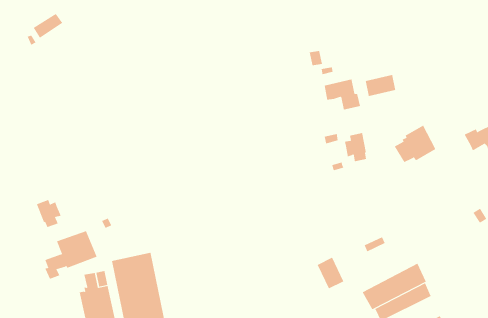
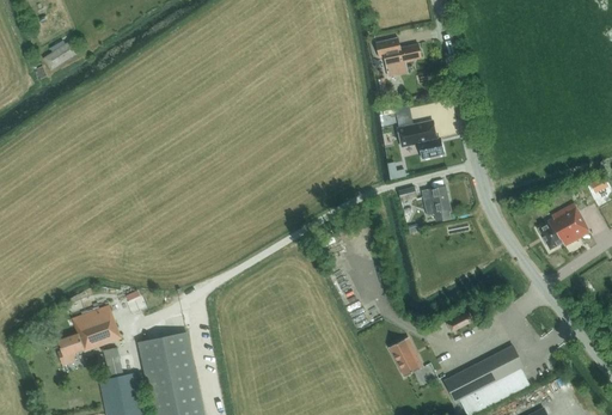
building: none -> [375,37,421,66]
building: [365,74,396,97] -> none
building: [394,125,436,163] -> [537,202,588,249]
building: [36,199,61,228] -> none

